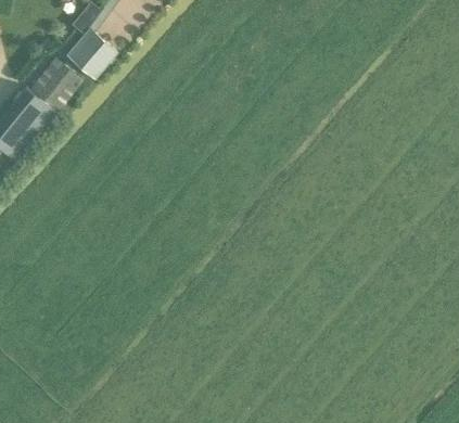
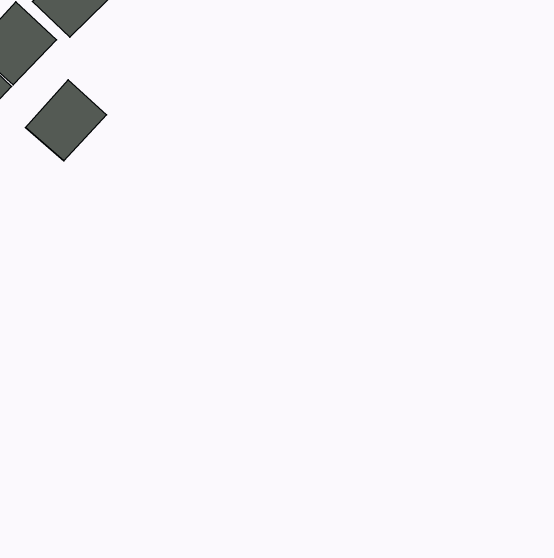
building: none -> [26,80,106,161]

